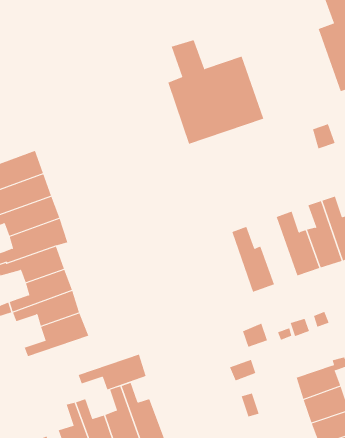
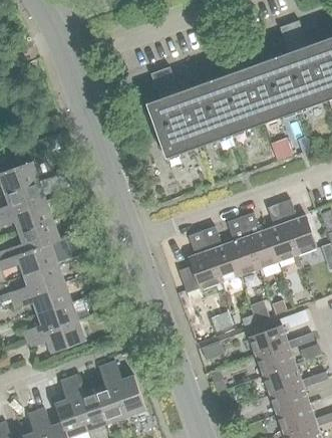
building: none -> [211,42,295,134]
building: none -> [227,218,258,276]
building: none -> [179,231,220,291]
building: none -> [250,325,289,357]
building: [78,354,147,390] -> [26,320,85,352]

